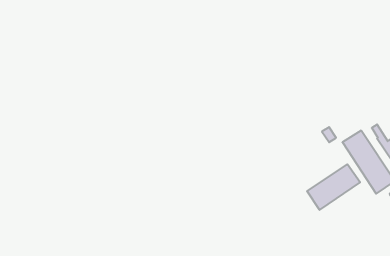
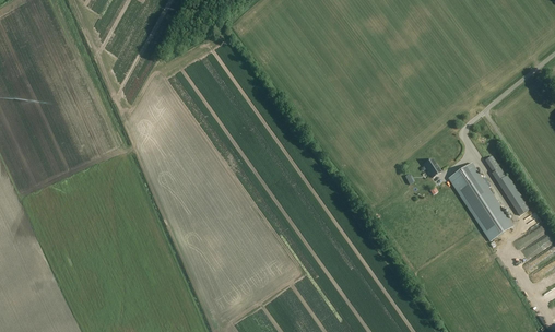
building: [307,164,360,210] -> none

